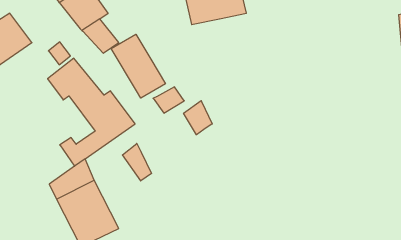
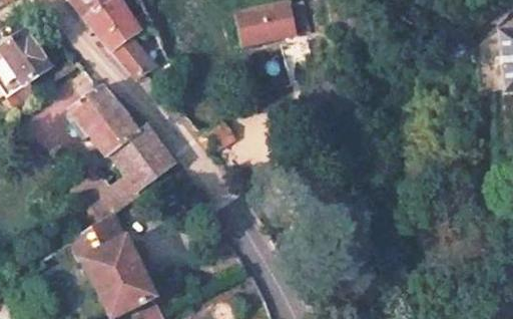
building: [111,34,165,98] -> none
building: [184,101,212,135] -> none
building: [122,143,151,181] -> none

